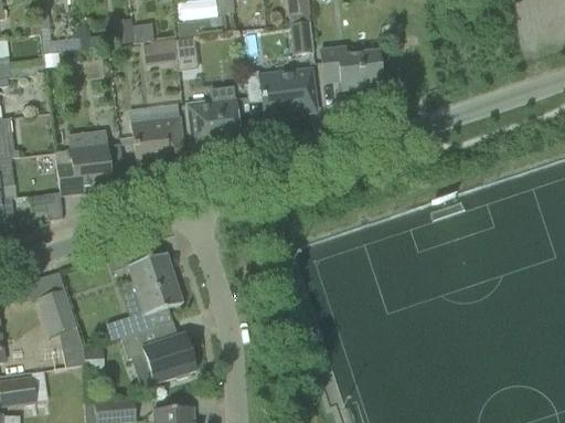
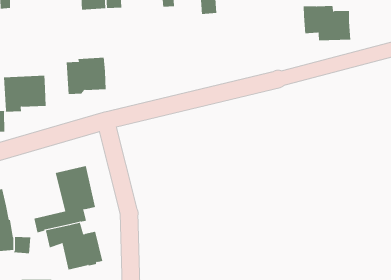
building: [321,43,384,88] -> [303,6,351,41]
building: [260,67,318,113] -> none
building: [186,84,239,148] -> none

